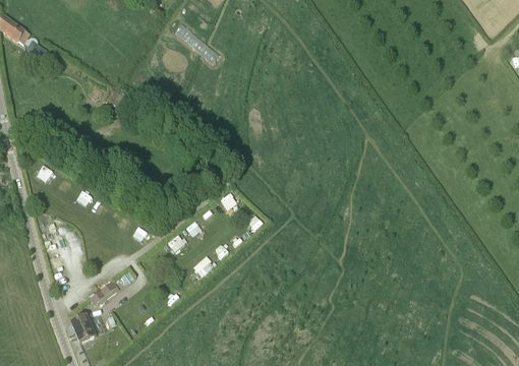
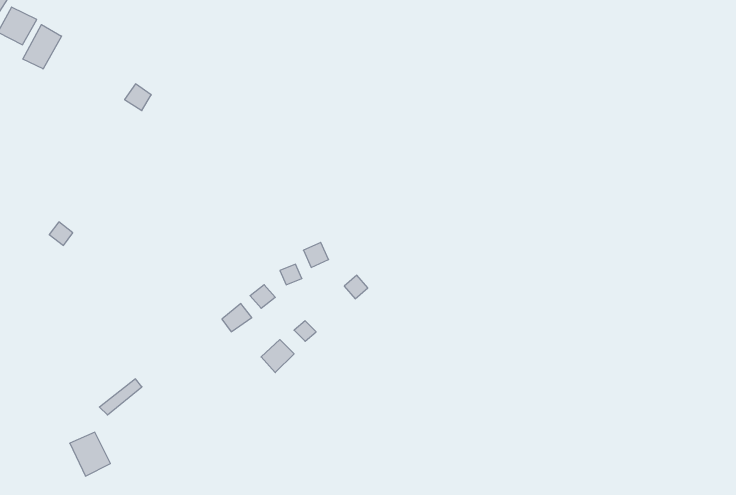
building: none -> [23,25,62,69]

